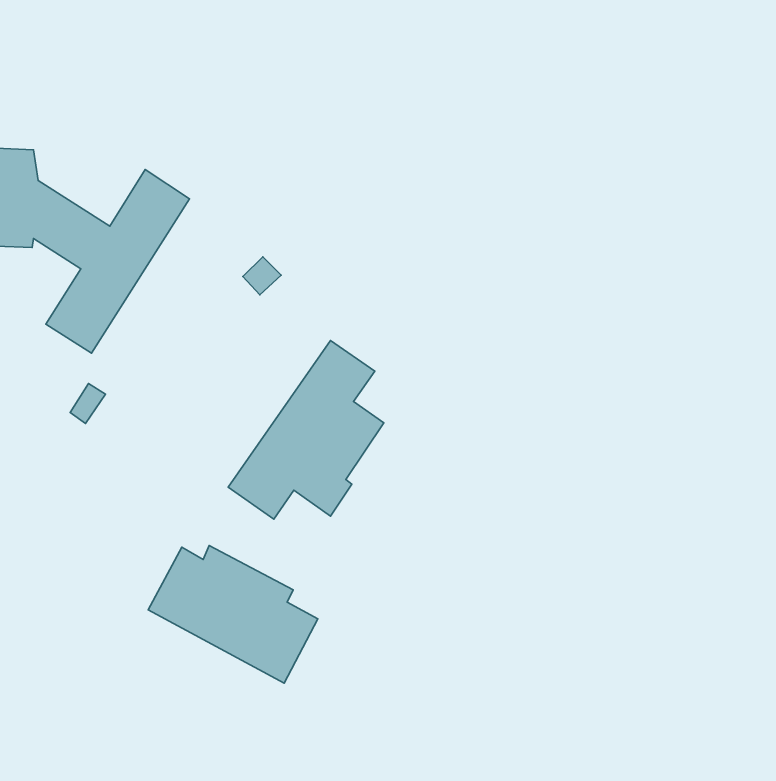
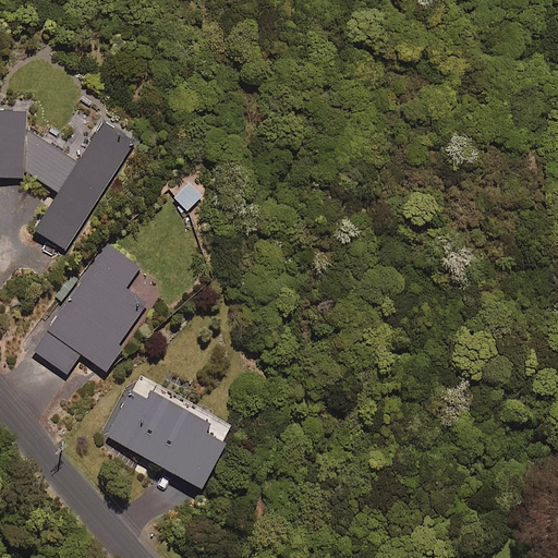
building: [228,340,384,519] -> [33,245,144,373]

